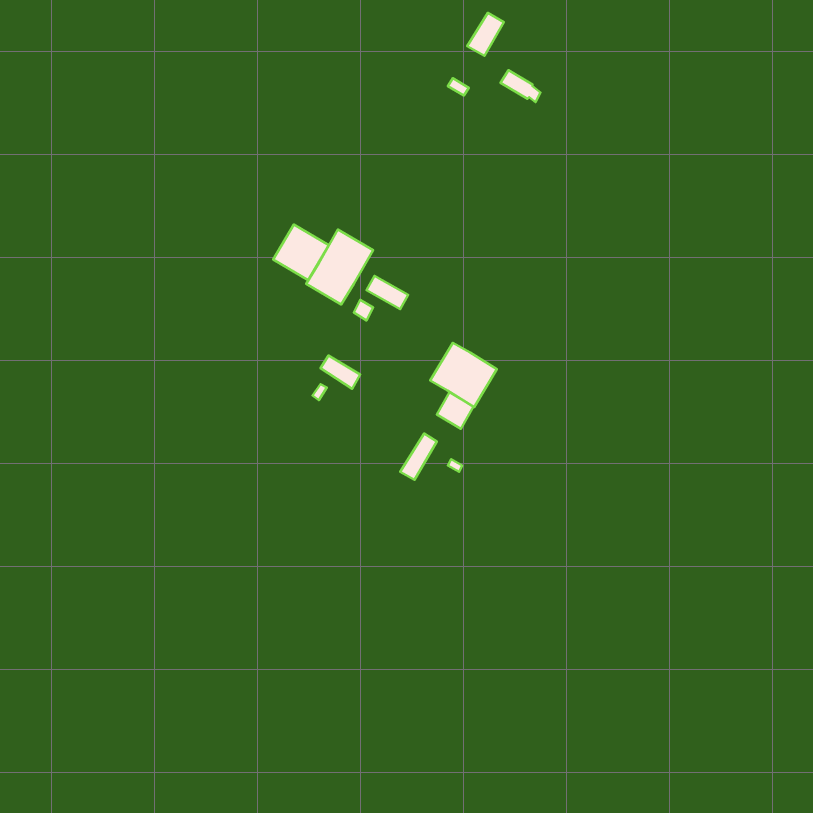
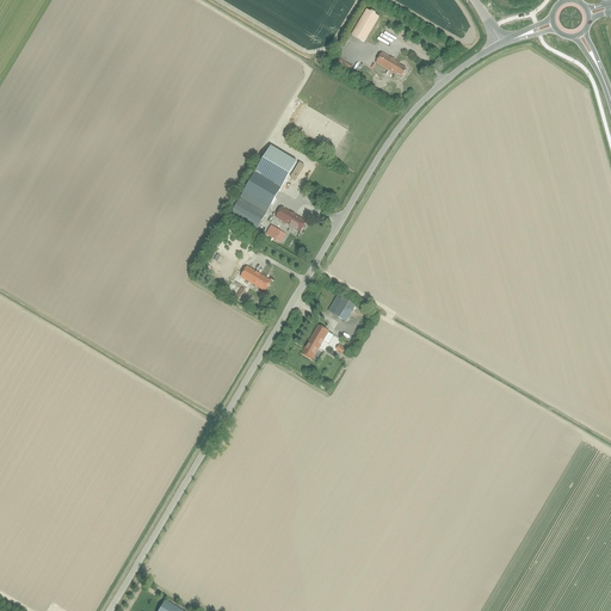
building: [273,224,329,280] -> [253,146,295,187]
building: [430,343,497,407] -> none

